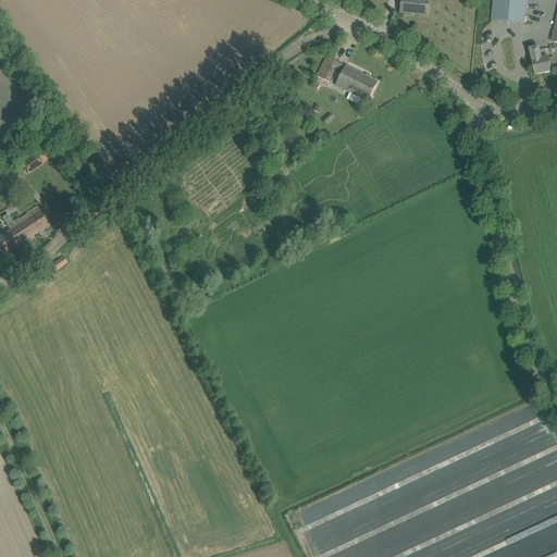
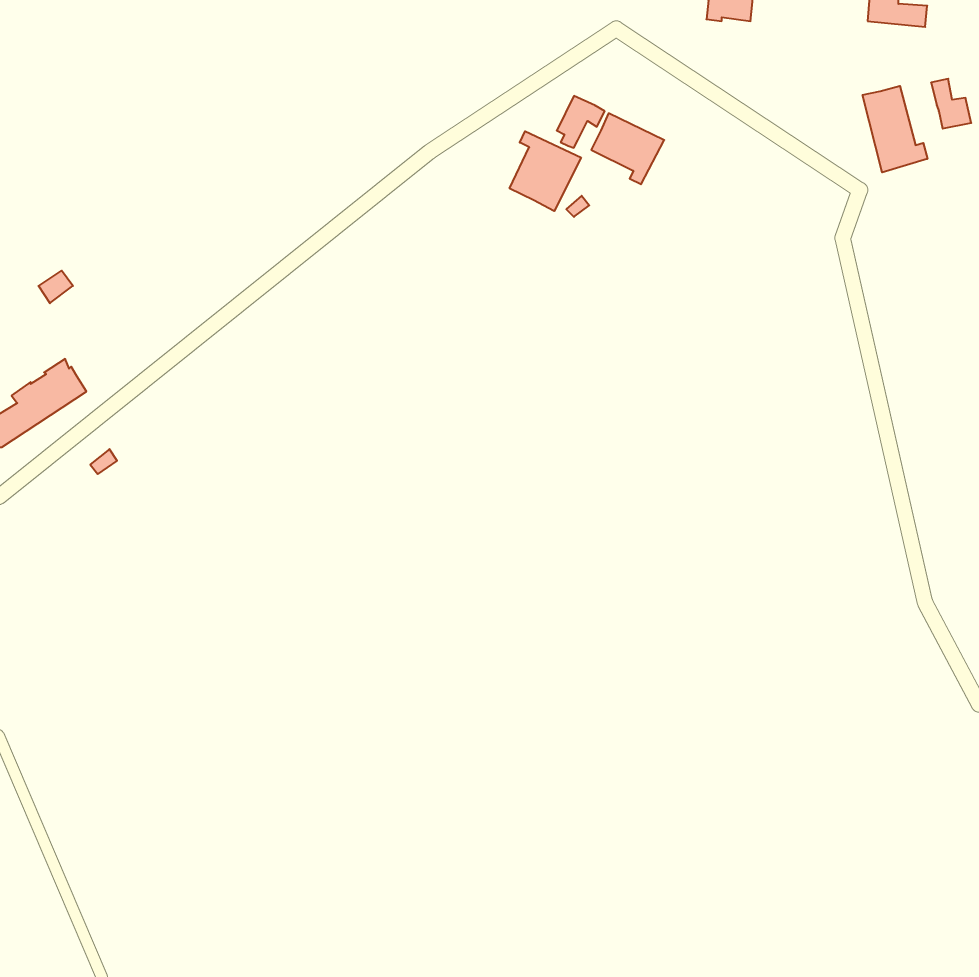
building: none -> [863,86,927,172]
building: none -> [510,131,581,211]

